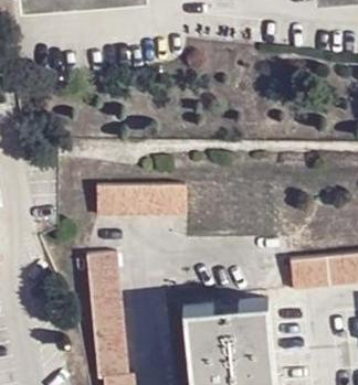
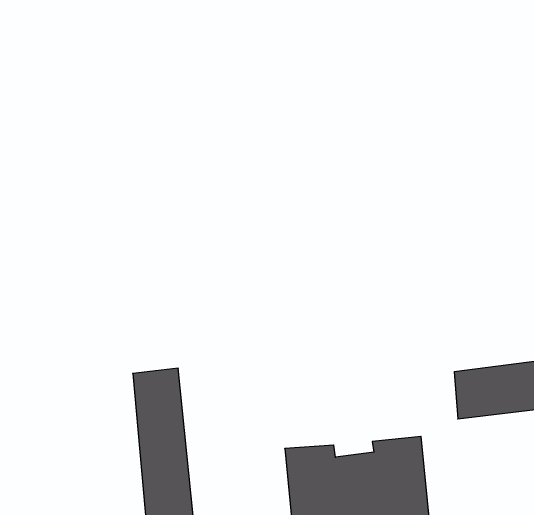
building: [96,190,187,224] -> none

